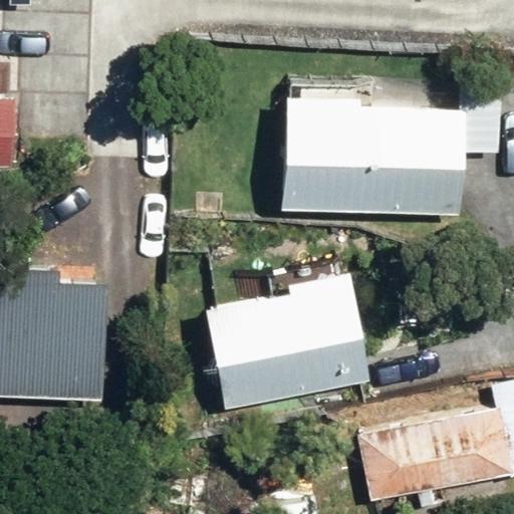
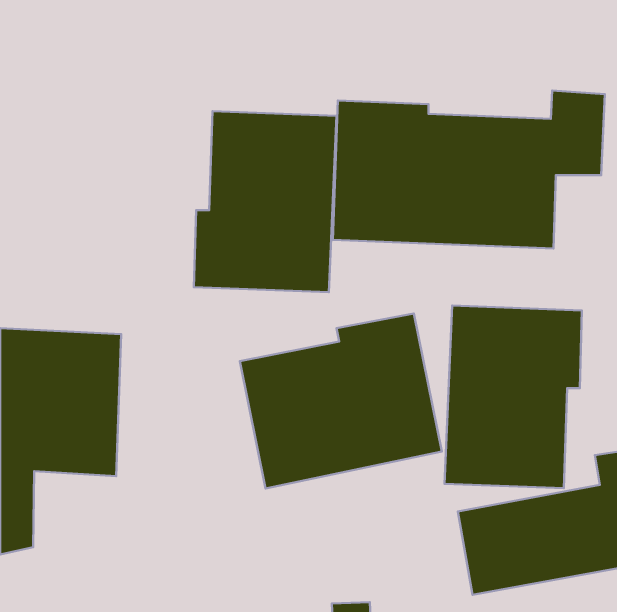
building: none -> [194,111,337,292]
building: none -> [444,305,582,488]

